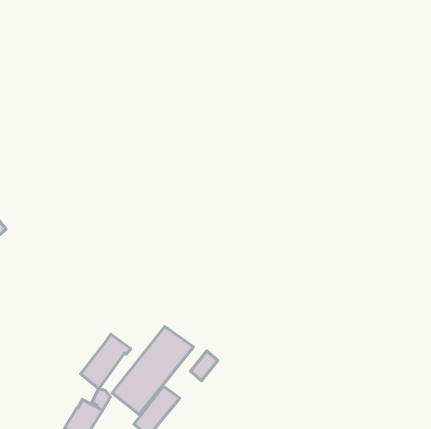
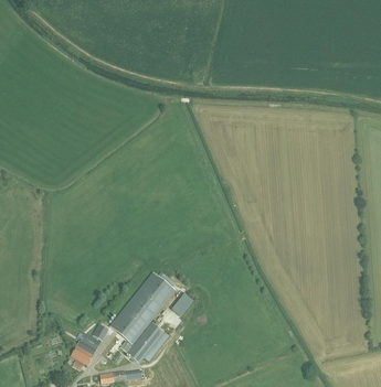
building: [80,334,131,389] -> none

